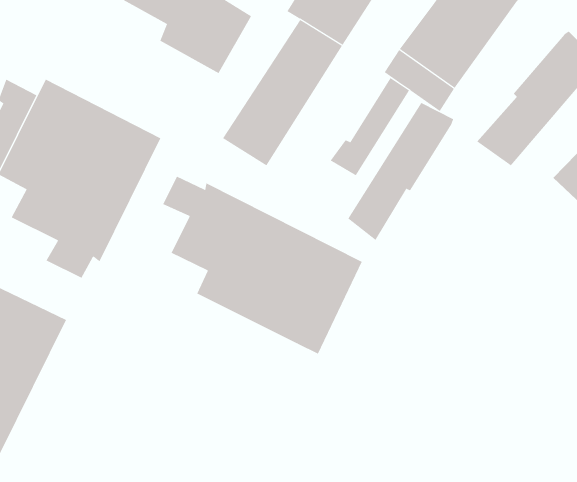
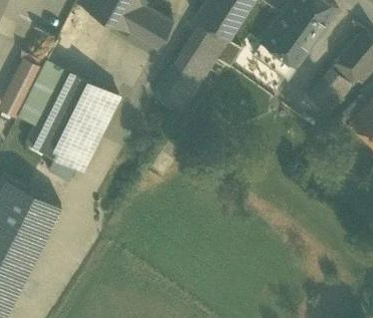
building: [330,77,410,176] -> none
building: [348,102,454,241] -> none
building: [163,176,363,355] -> none

